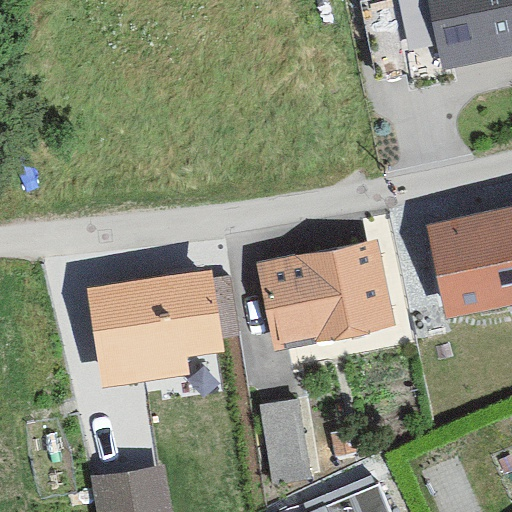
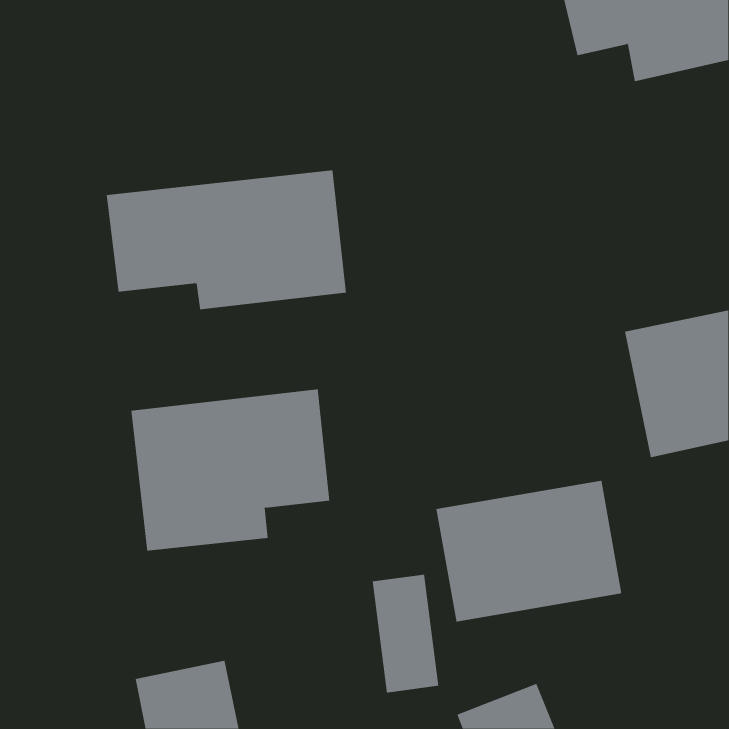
building: none -> [106,170,347,310]
building: [262,247,392,346] -> [436,480,622,622]

